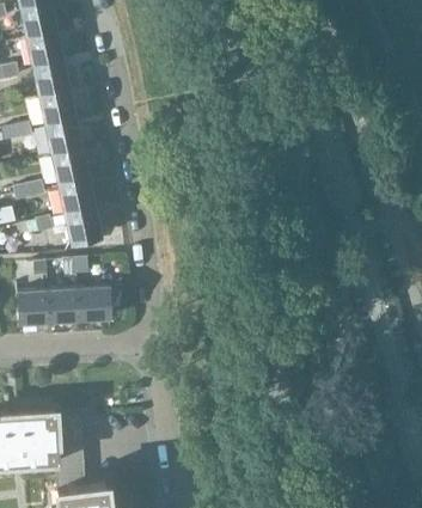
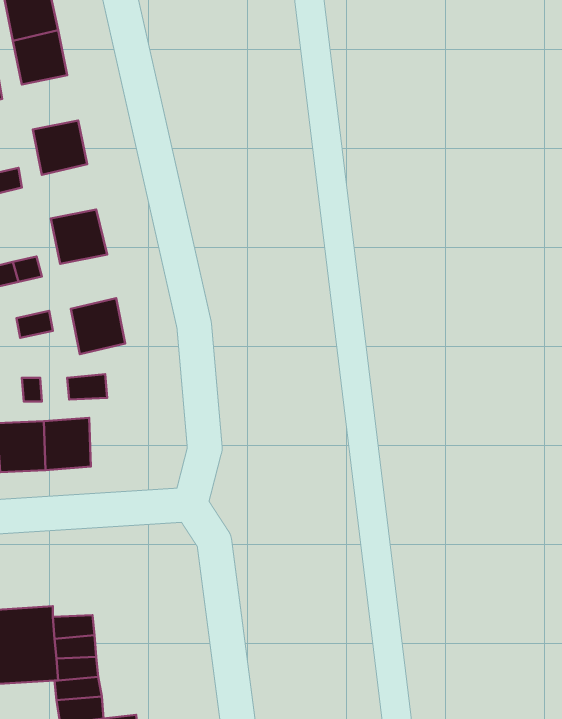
building: [33,61,71,97] -> none
building: [47,120,82,155] -> none
building: [59,179,96,215] -> none
building: [78,286,110,319] -> none

